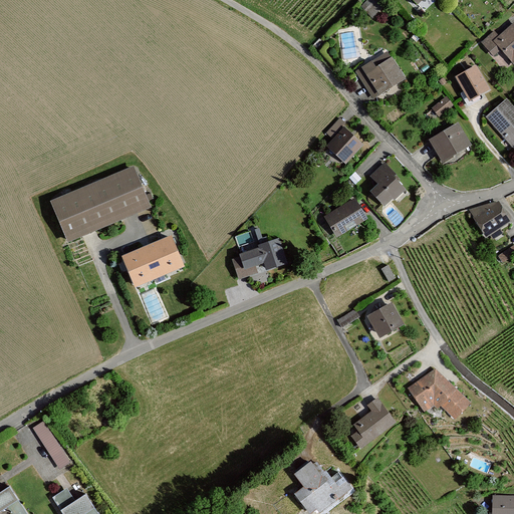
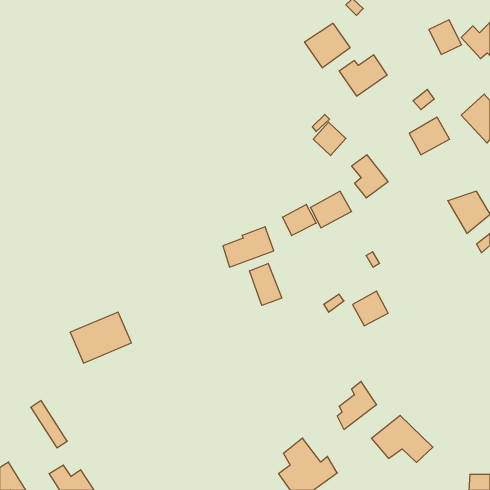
building: none -> [305,23,350,68]
building: [459,63,493,99] -> [429,20,462,54]
building: [50,164,152,242] -> none
building: none -> [282,204,316,236]
building: [120,233,185,286] -> [70,312,131,363]
building: none -> [249,263,282,305]
building: [405,369,469,419] -> [371,415,433,462]

